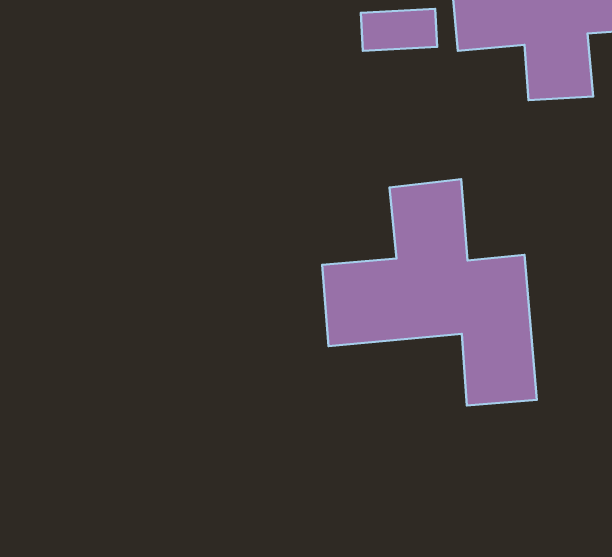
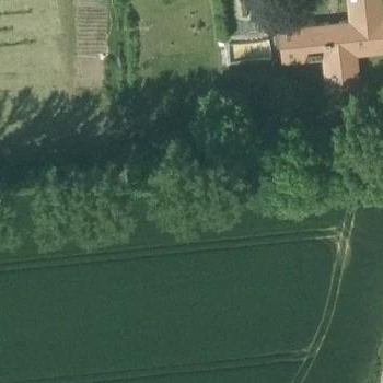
building: [322,179,537,405] -> none

